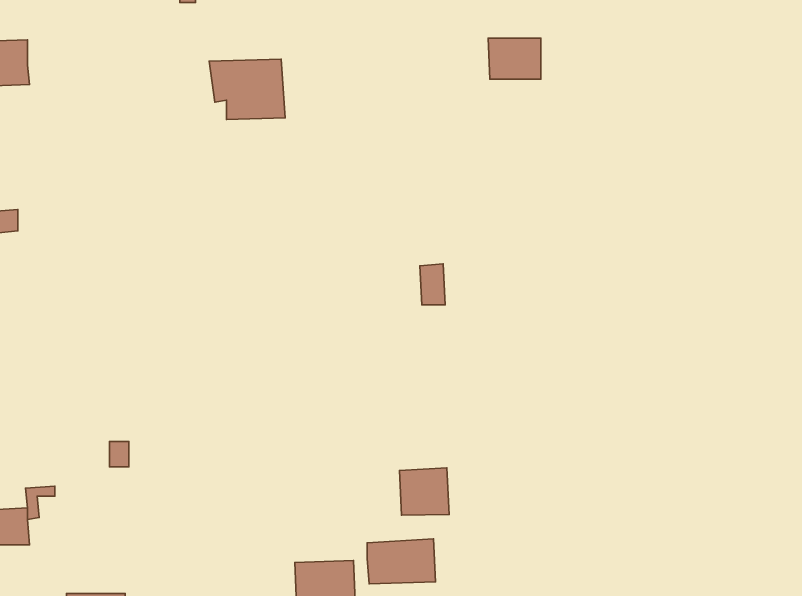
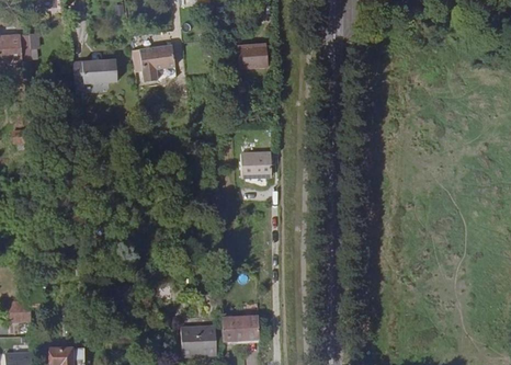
building: [488,38,541,79] -> [237,49,266,72]
building: none -> [73,61,117,87]
building: [399,468,449,515] -> none

